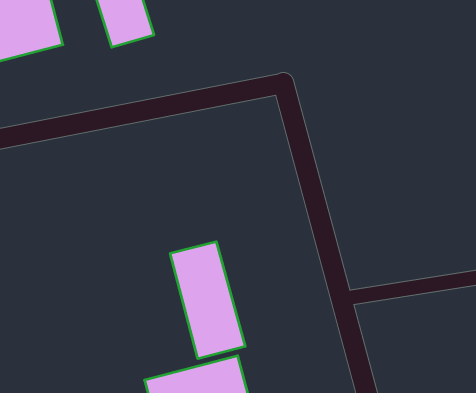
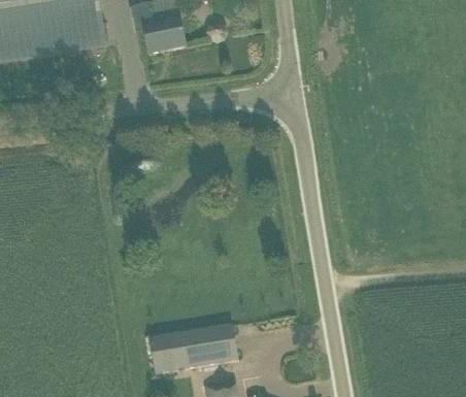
building: [170,242,245,359] -> none

